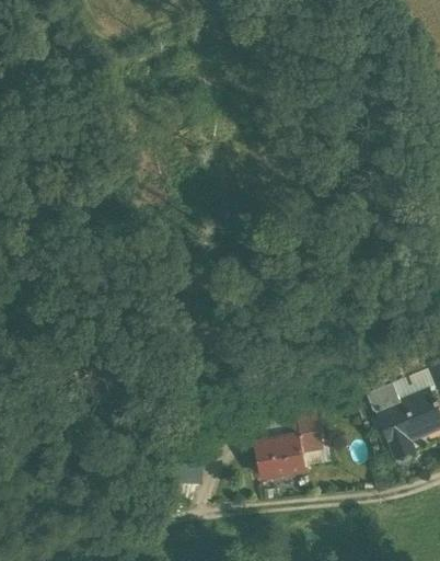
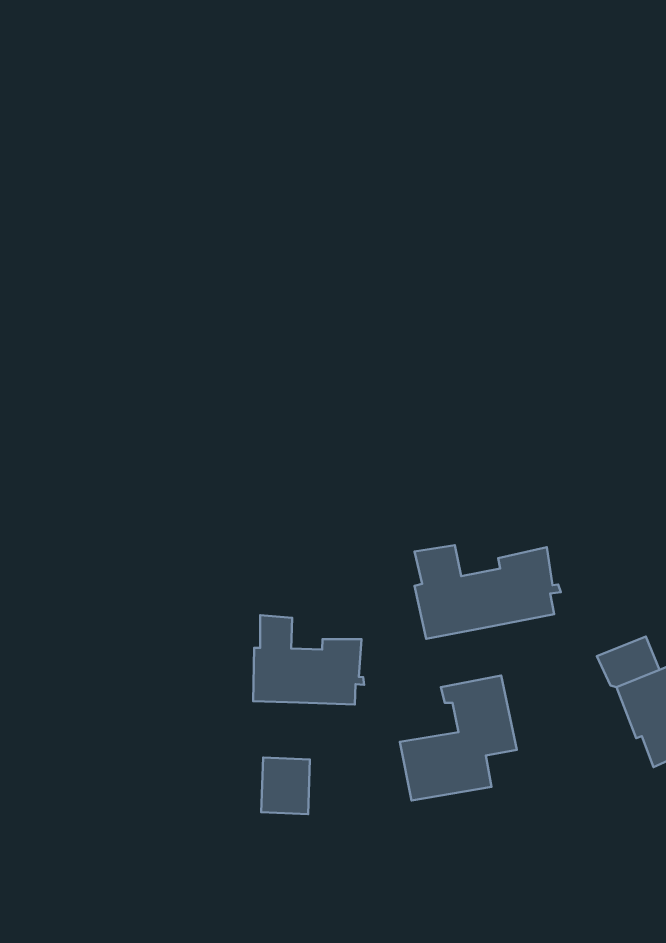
building: none -> [415,545,561,639]
building: none -> [253,615,364,705]

